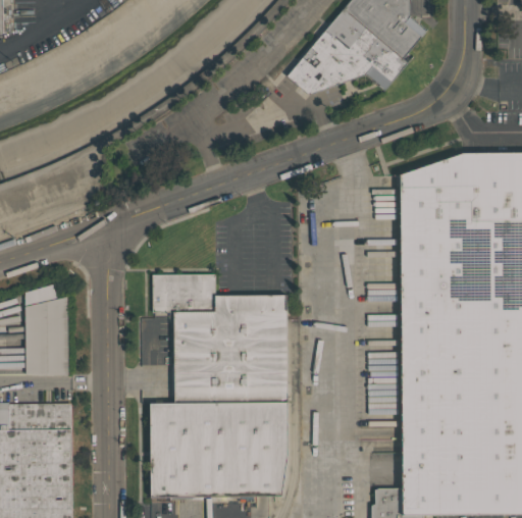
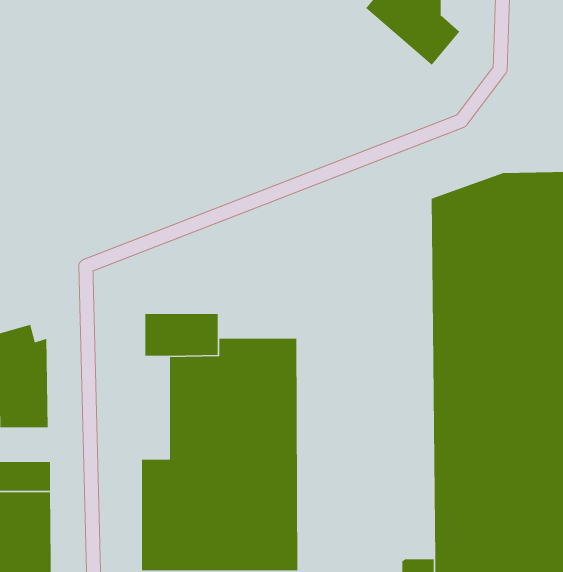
building: [286,9,407,95] -> none

